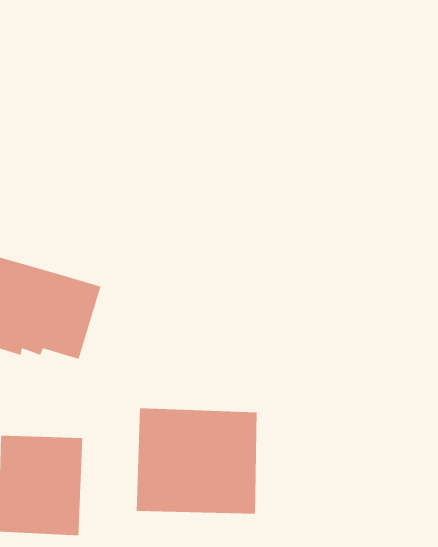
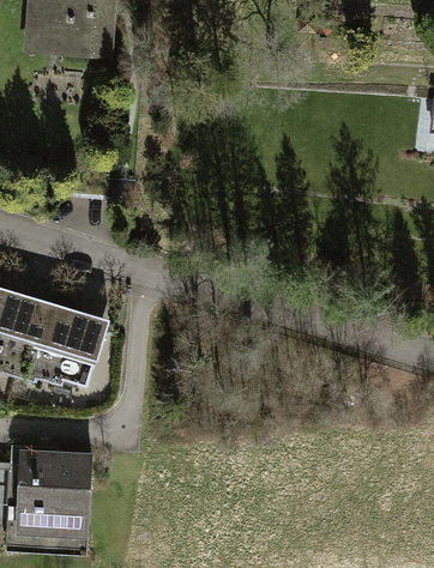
building: [136,407,258,514] -> none

